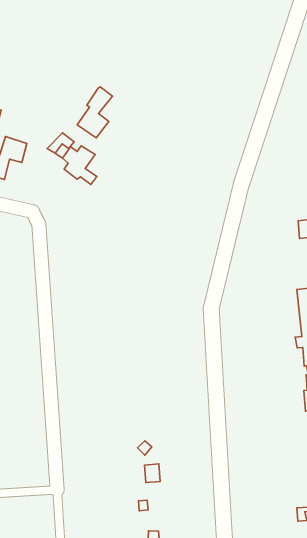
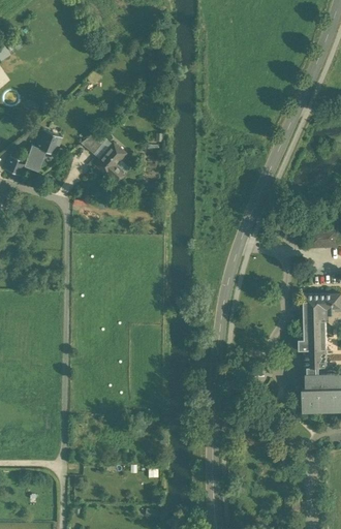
building: [77,87,112,138] -> none

